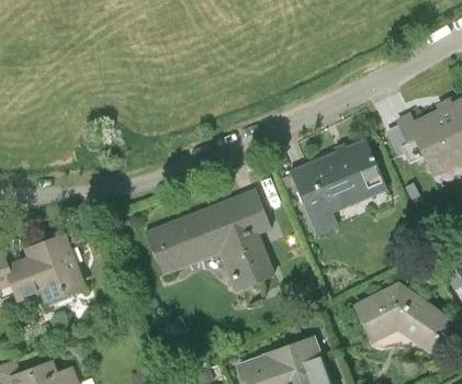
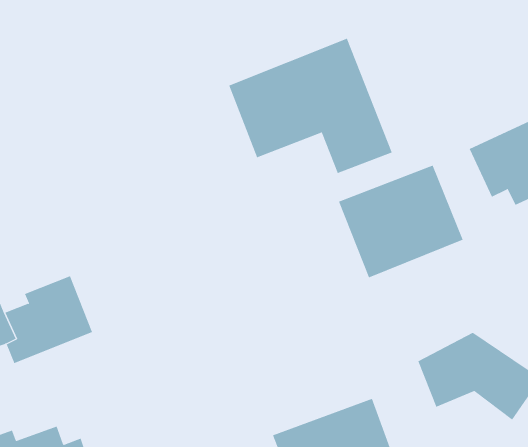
building: none -> [229,38,393,174]
building: [142,189,273,292] -> none

